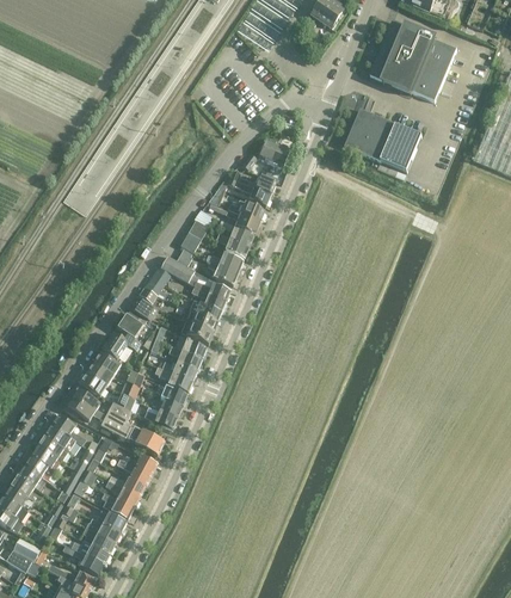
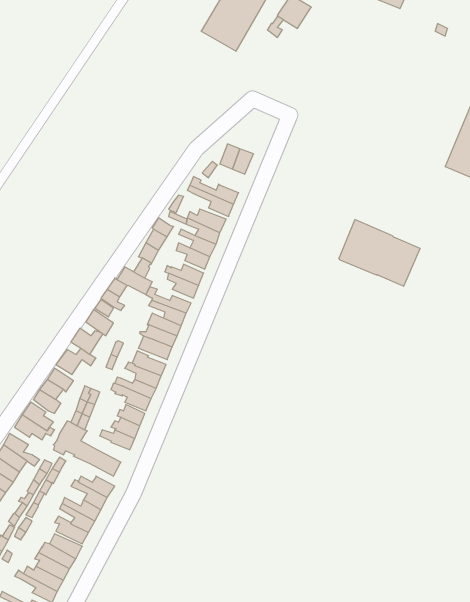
building: [369,21,456,101] -> none
building: [345,109,423,172] -> [339,220,420,286]

